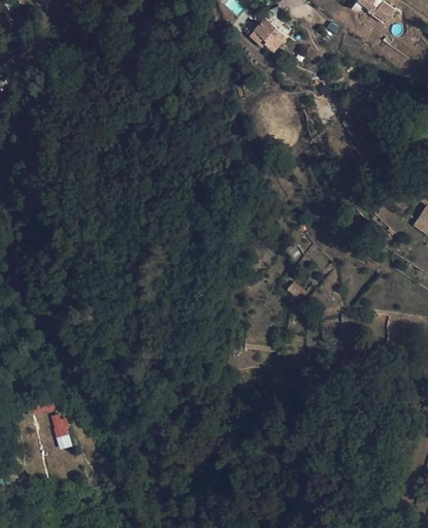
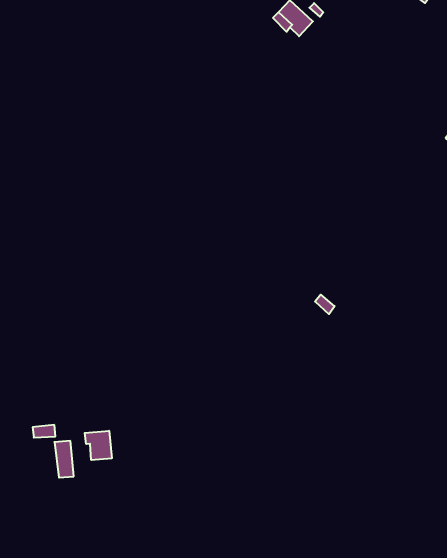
building: none -> [85,431,112,460]

